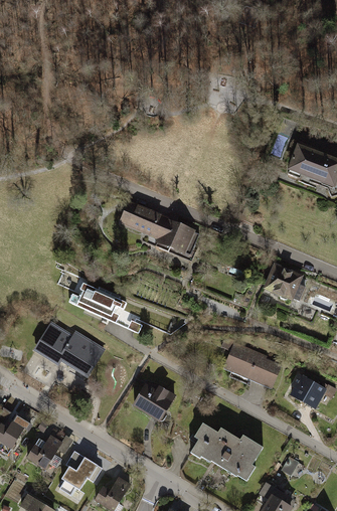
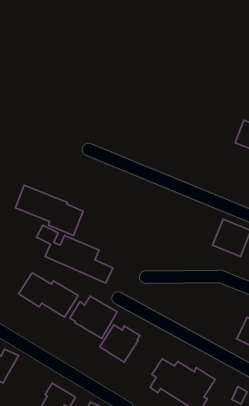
building: [119,197,197,256] -> [16,185,83,236]
building: [221,340,283,390] -> none
building: none -> [70,296,117,338]
building: [24,431,64,470] -> none

